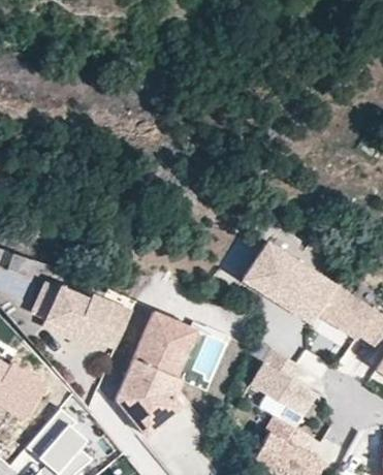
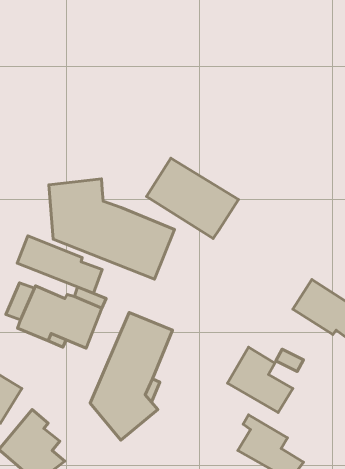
building: none -> [49,179,175,279]
building: none -> [17,236,102,293]
building: [244,243,333,321] -> [147,158,238,239]

